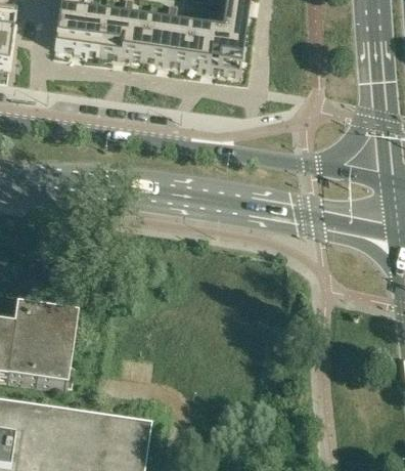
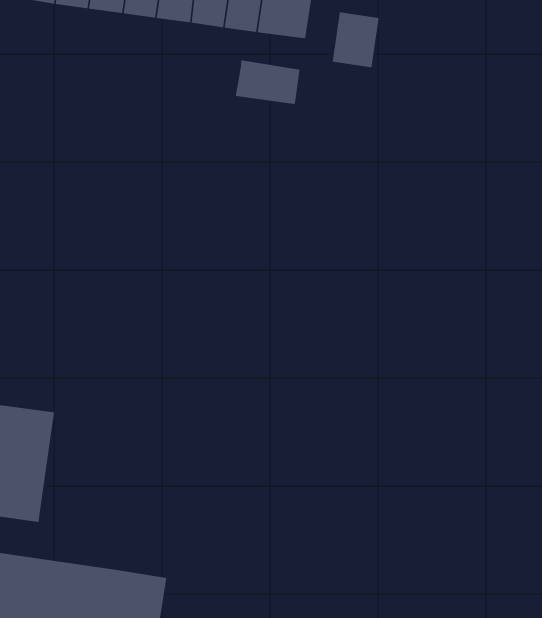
building: none -> [332,12,379,68]
building: none -> [235,59,300,105]

